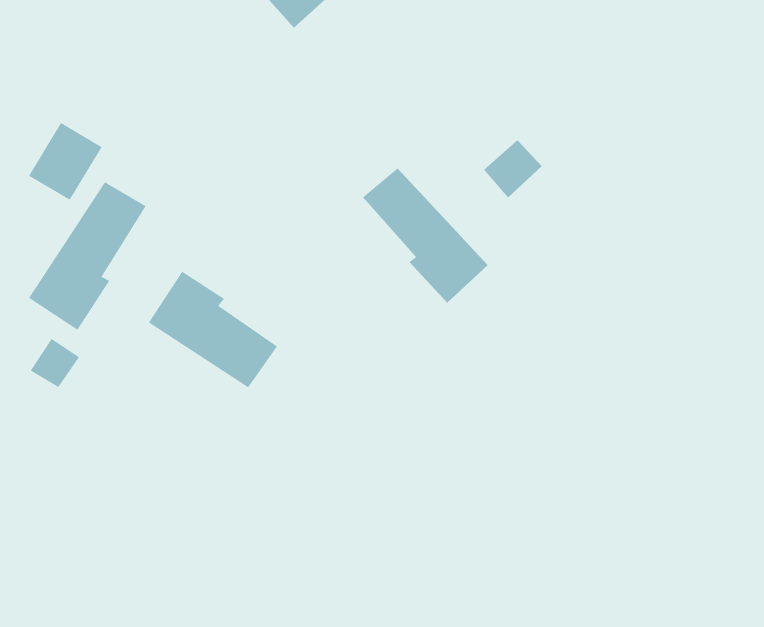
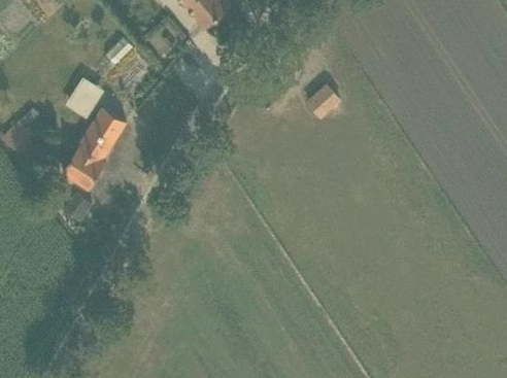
building: [362,167,489,303] -> none
building: [148,271,278,388] -> none

